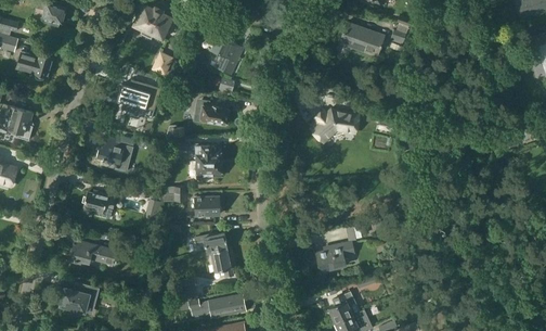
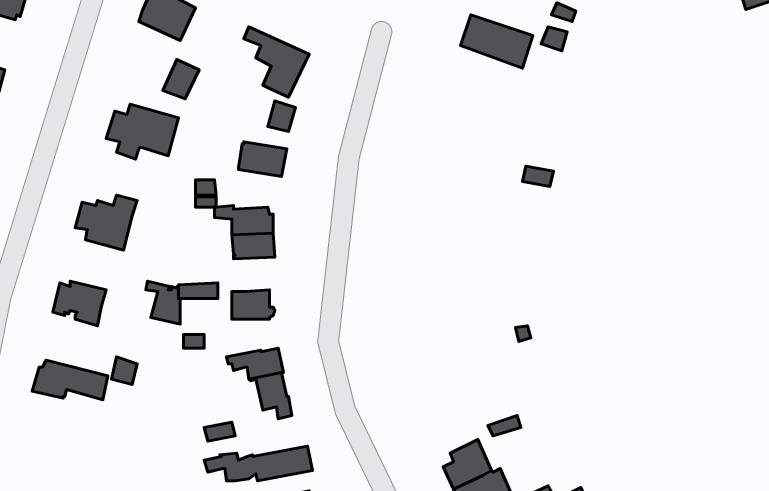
building: [311,111,359,142] -> none
building: [316,222,364,271] -> none
building: [60,282,99,315] -> none

